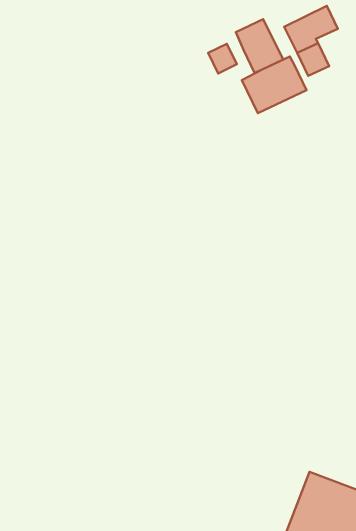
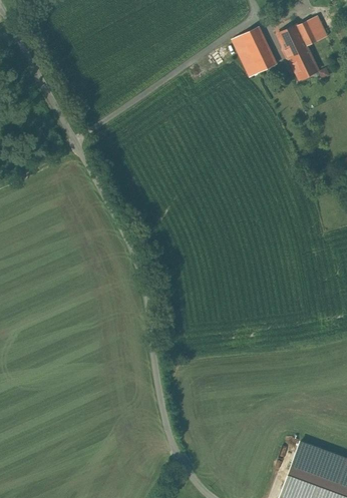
building: [208,44,237,73] -> none
building: [242,56,306,113] -> none

